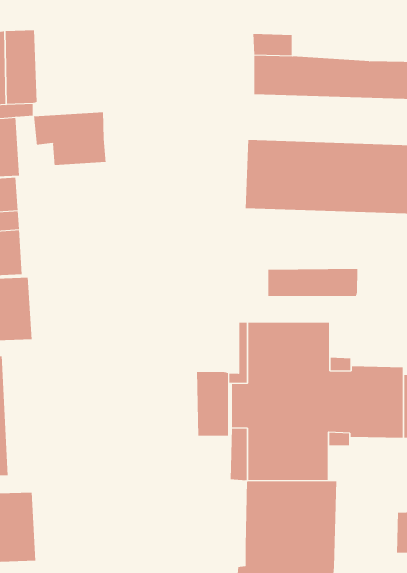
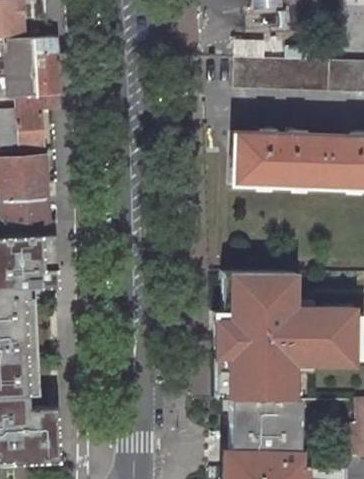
building: [34,111,106,166] -> none
building: [268,268,358,297] -> none
building: [196,371,229,437] -> none

